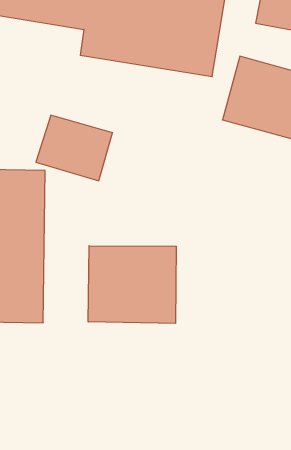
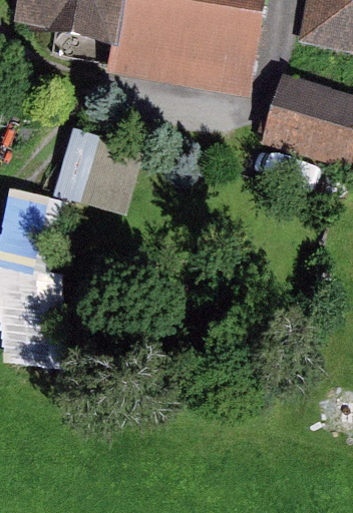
building: [88,246,176,323] -> none

